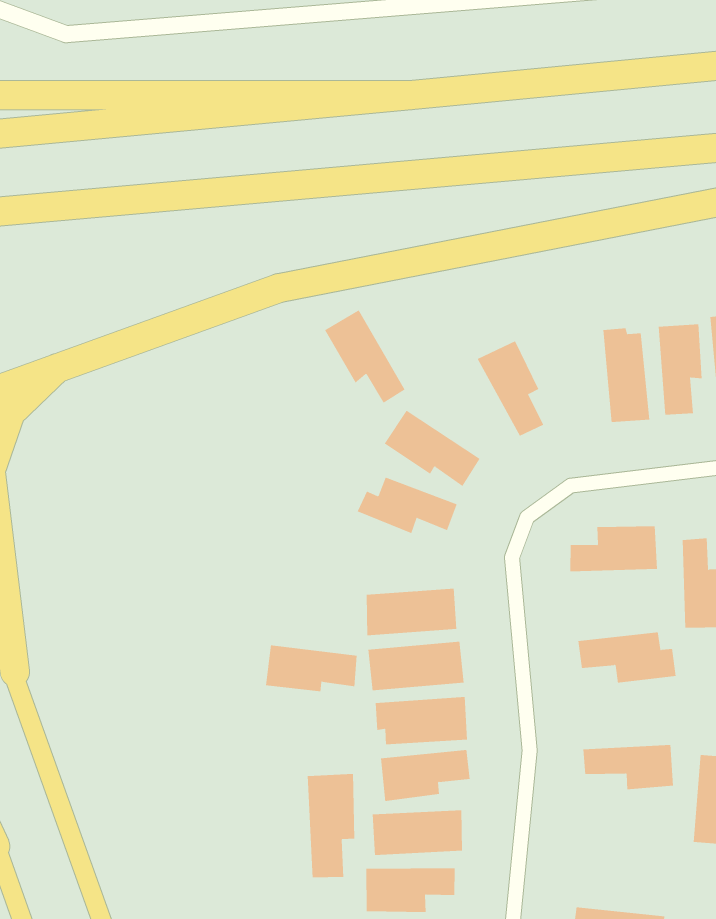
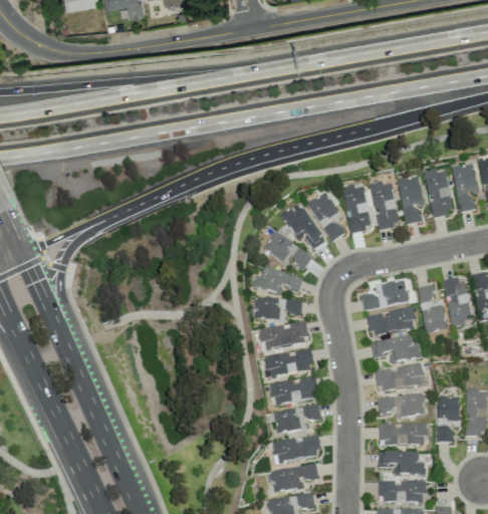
building: [324,309,406,403] -> [281,202,325,249]
building: none -> [343,183,370,231]
building: none -> [369,306,416,337]
building: [265,645,358,692] -> [256,297,302,319]
building: none -> [377,363,426,391]
building: [307,773,355,878] -> none
building: none -> [380,424,426,445]
building: none -> [379,452,427,475]

